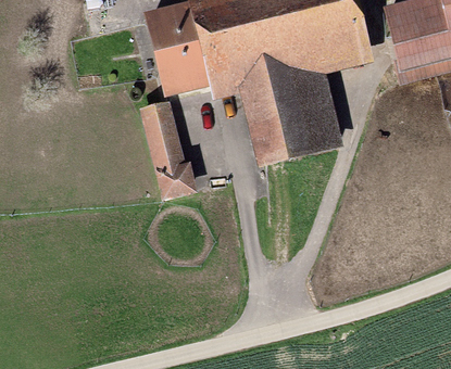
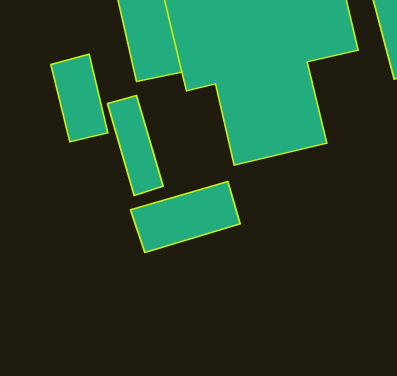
building: none -> [51,54,108,142]
building: none -> [131,181,240,253]

